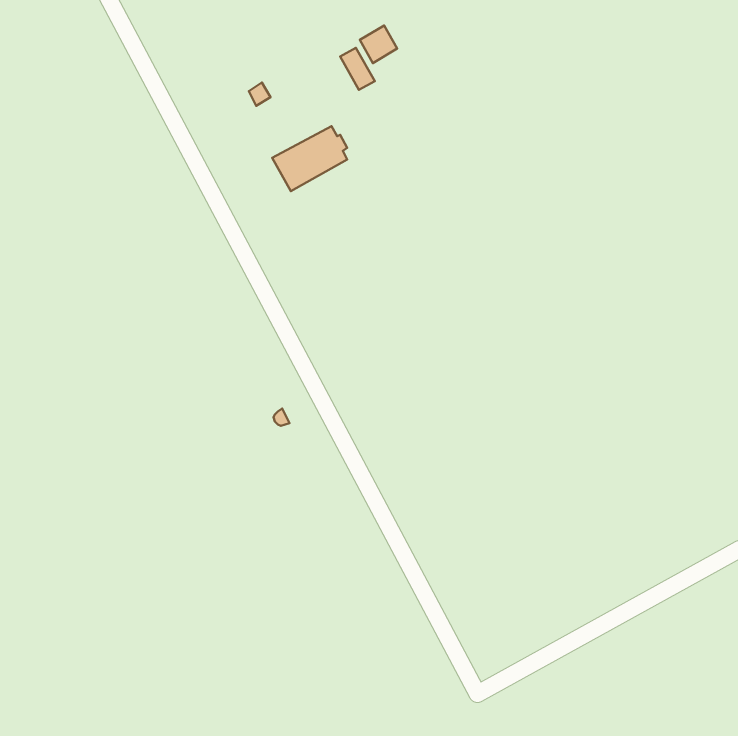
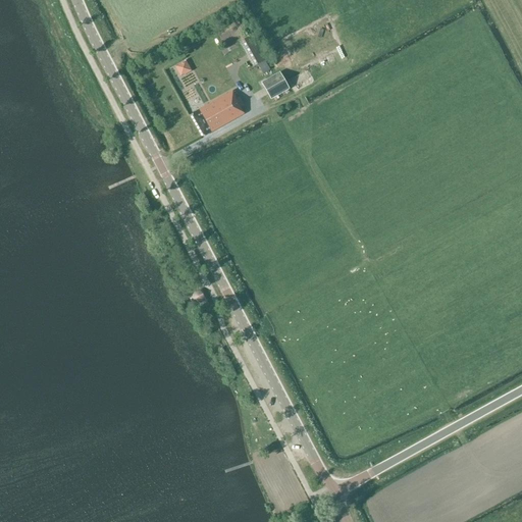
building: [360,25,397,63] -> [263,70,290,97]

